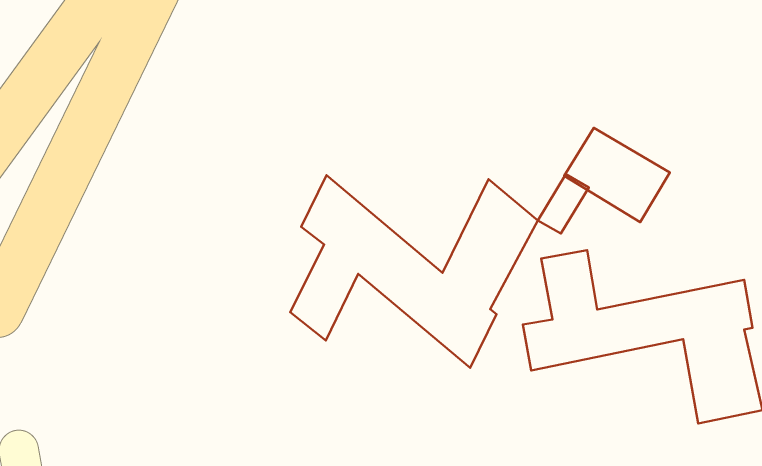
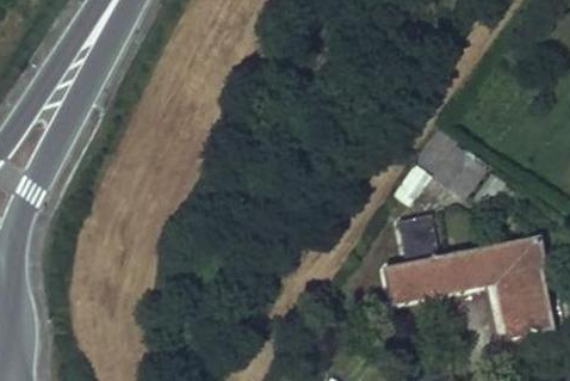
building: [290,175,538,368] -> none

